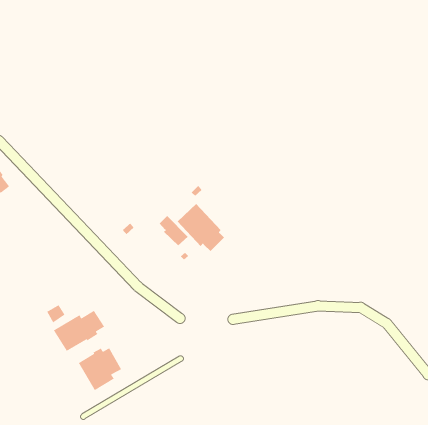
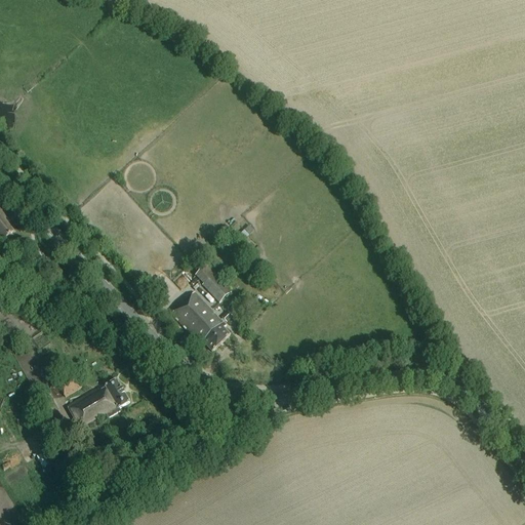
building: [177,203,225,252] -> [169,289,228,349]
building: [78,347,122,391] -> none

